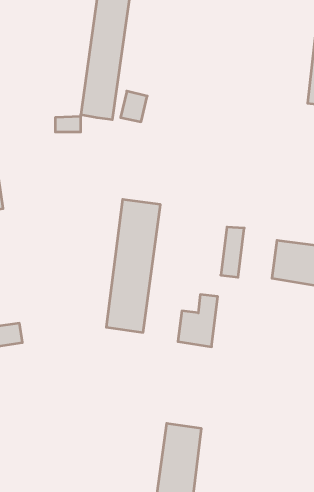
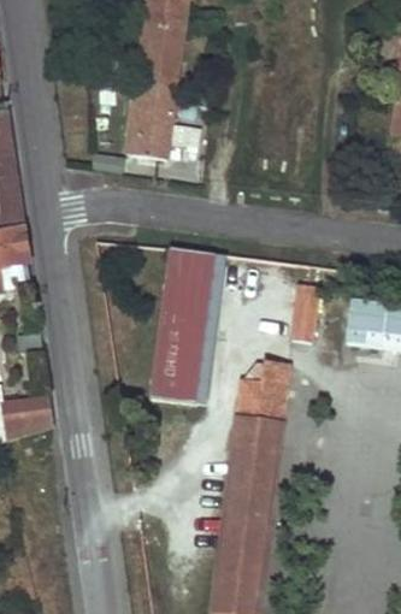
building: none -> [223,418,276,520]

